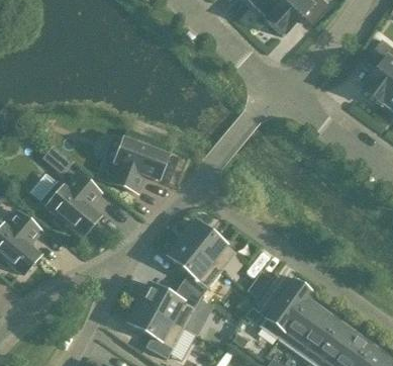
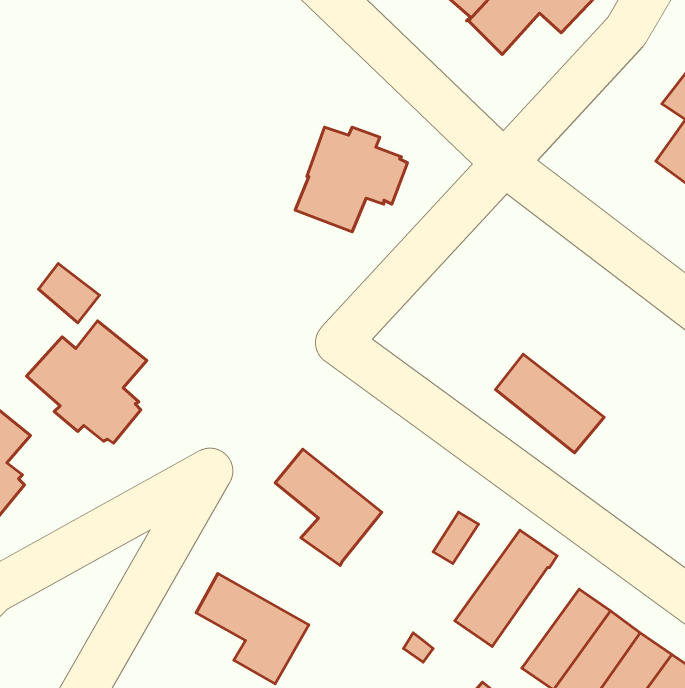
building: [111,138,169,191] -> [295,127,408,232]
building: [182,219,237,270] -> [496,354,604,453]
building: [138,282,201,328] -> none
building: [279,298,323,350] -> none

